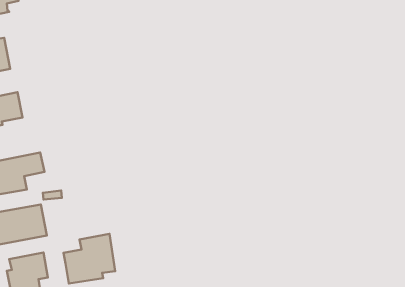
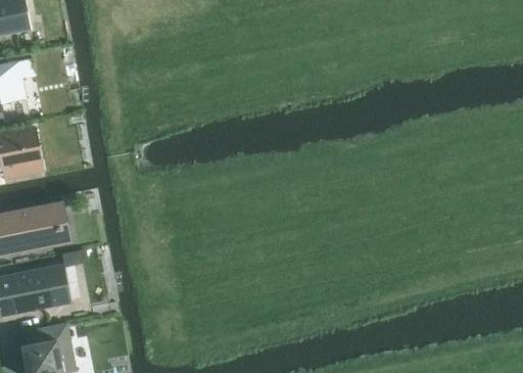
building: [64,234,115,283] -> none

